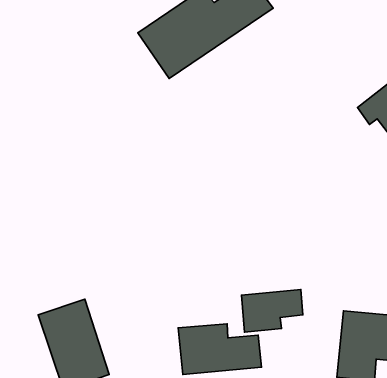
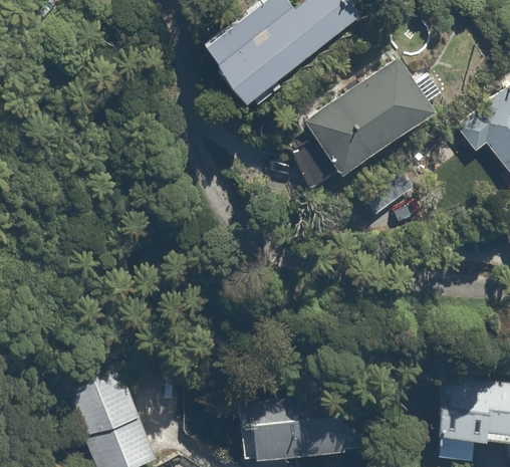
building: none -> [291,62,448,192]
building: [241,289,303,332] -> none

